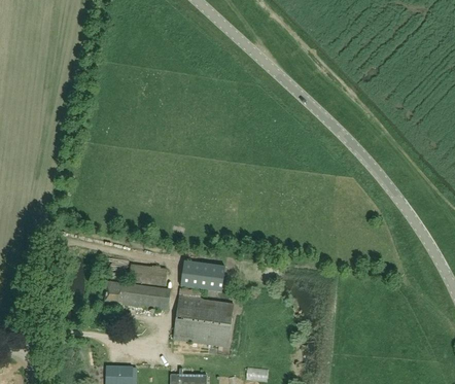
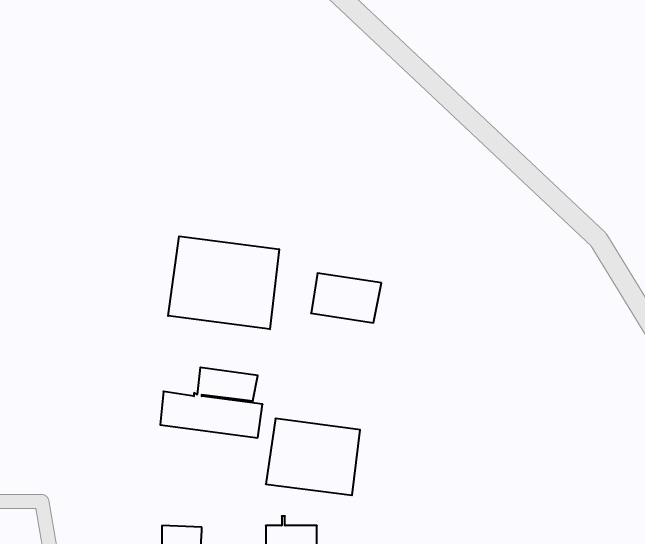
building: none -> [168,236,279,329]
building: [180,259,225,291] -> [311,273,381,323]

